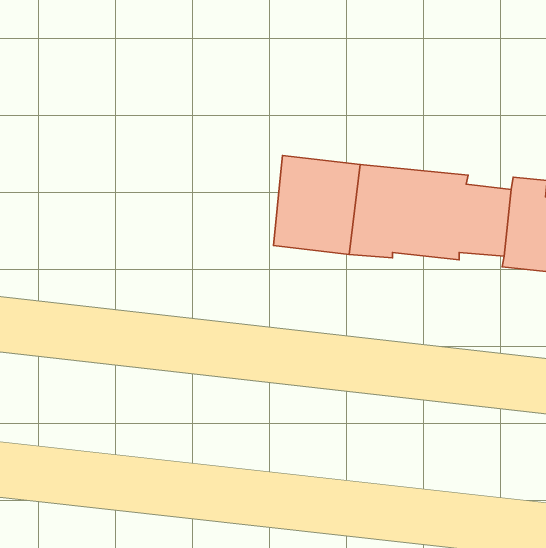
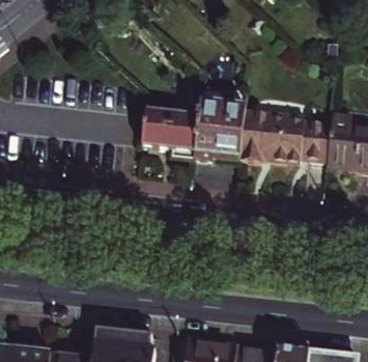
building: none -> [141,106,199,156]

